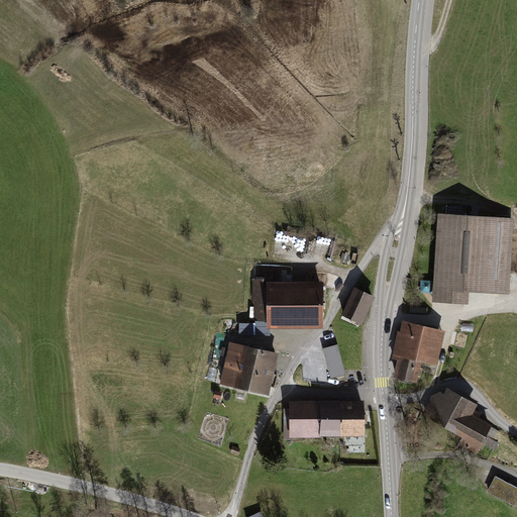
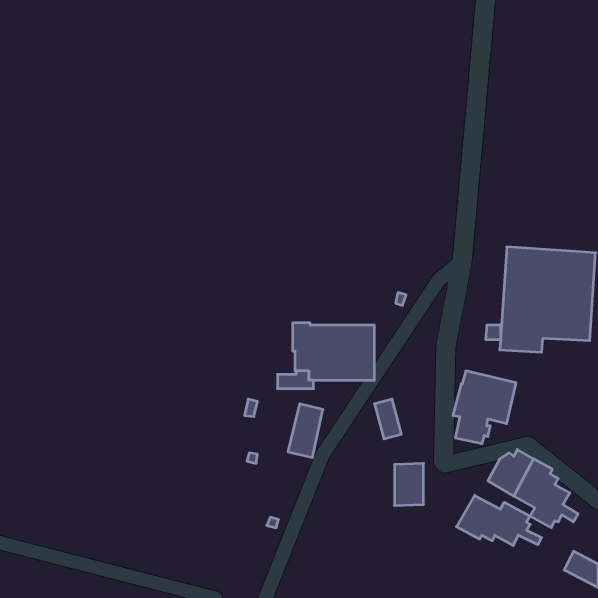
building: [341,287,376,325] -> none
building: [220,341,258,390] -> none
building: [284,401,340,440] -> none
building: none -> [456,495,542,546]

